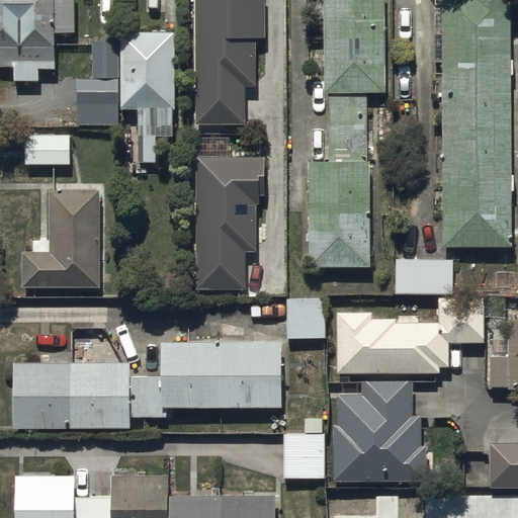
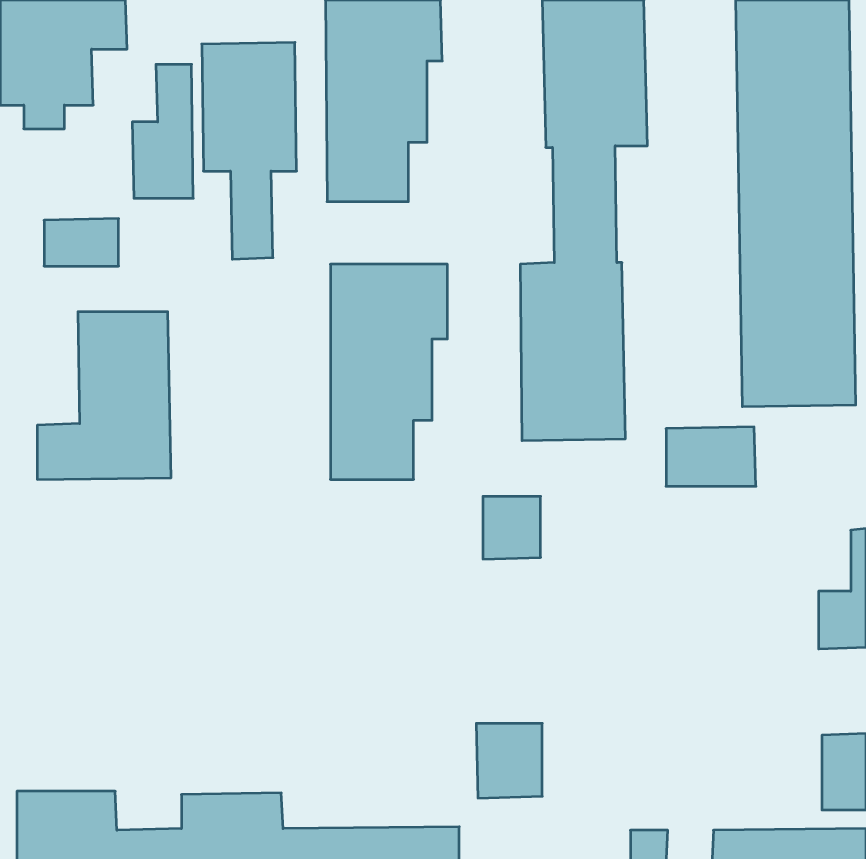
building: [338,298,485,373] -> none
building: [7,344,284,428] -> none
building: [333,380,427,482] -> none

